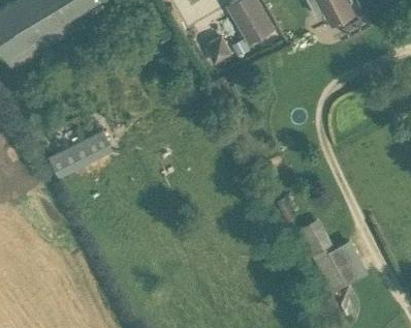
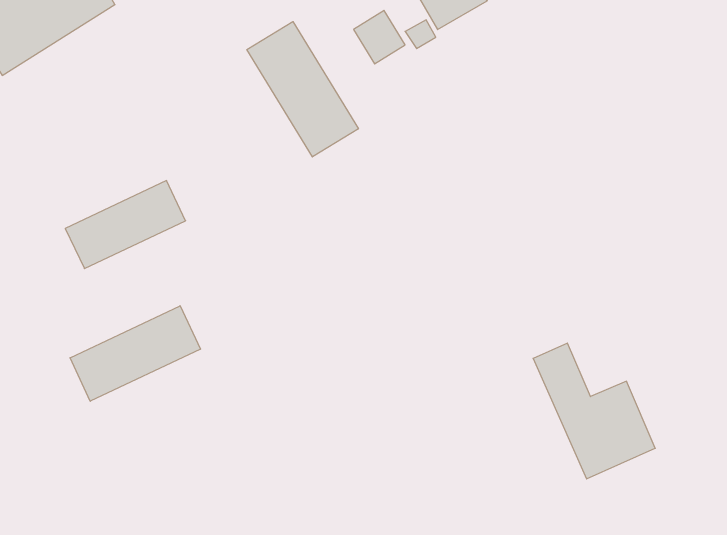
building: none -> [247,22,358,157]
building: none -> [70,306,200,401]

